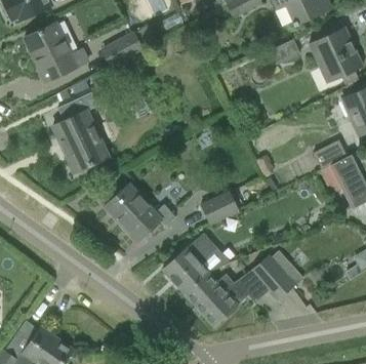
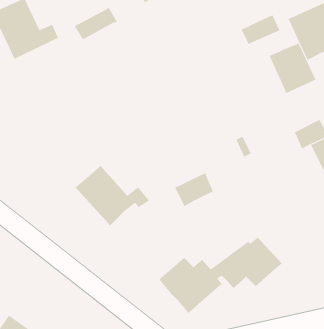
building: none -> [269,43,316,94]
building: [53,91,109,172] -> none
building: [163,233,231,293] -> none

